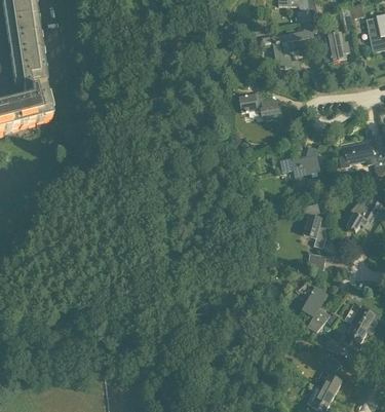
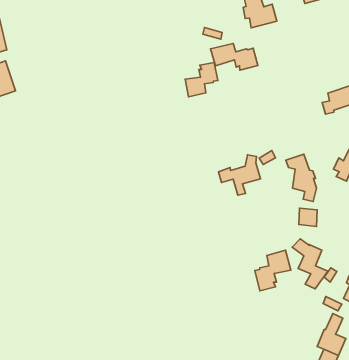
building: none -> [185,63,218,97]
building: [280,147,319,184] -> [218,155,261,195]
building: none -> [255,250,291,291]

